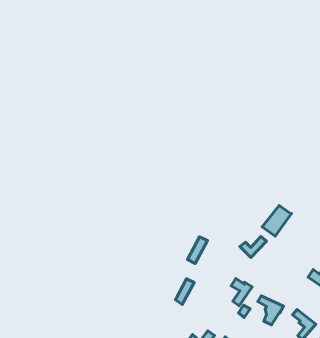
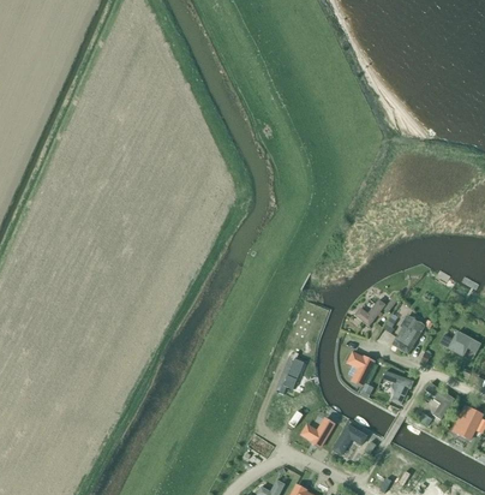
building: [262,205,291,236] -> [391,316,425,353]

